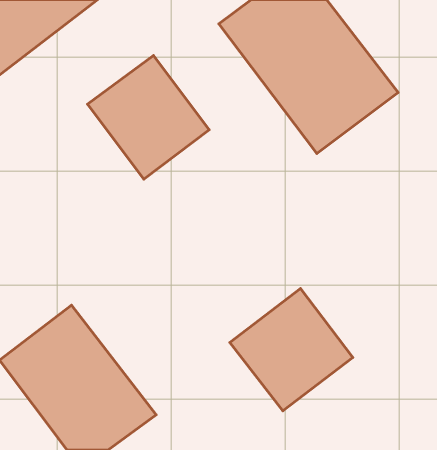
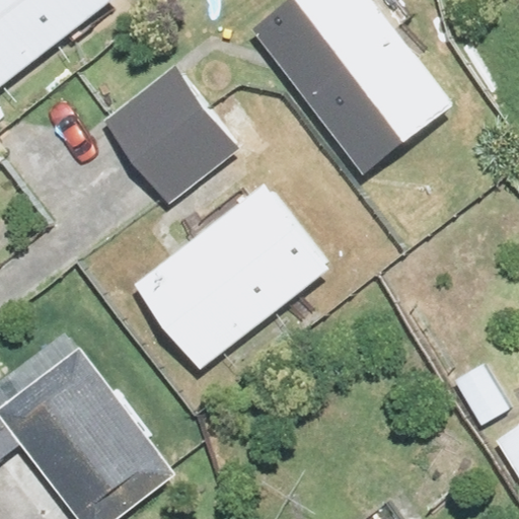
building: none -> [134,183,332,371]
building: [230,289,353,411] -> none

